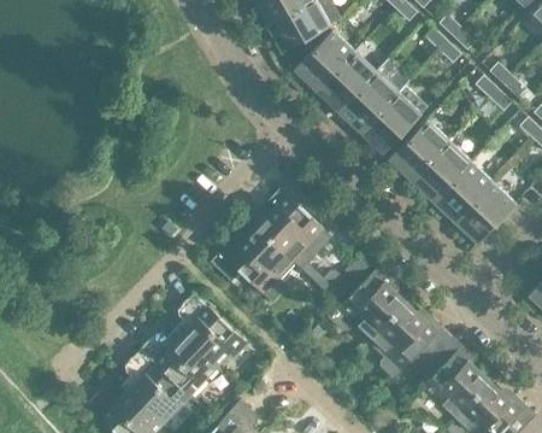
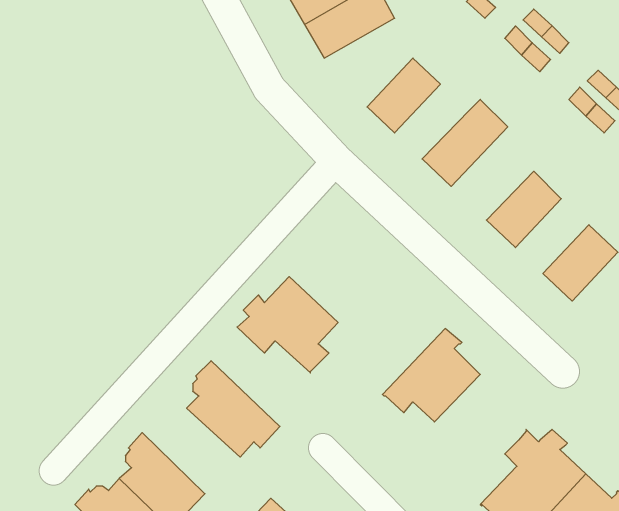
building: [295,31,354,92] -> none
building: [340,74,399,133] -> none
building: [390,121,449,181] -> none
building: [435,164,493,223] -> none
building: [257,188,353,303] -> none
building: [371,303,444,380] -> none
building: [141,329,218,397] -> none

